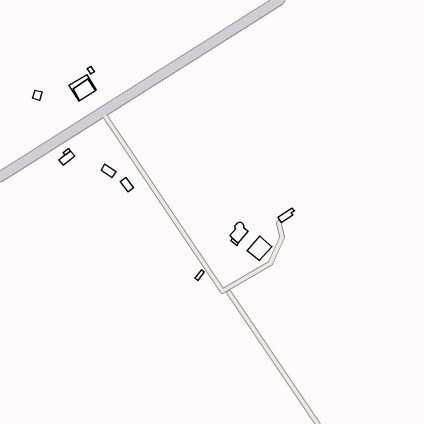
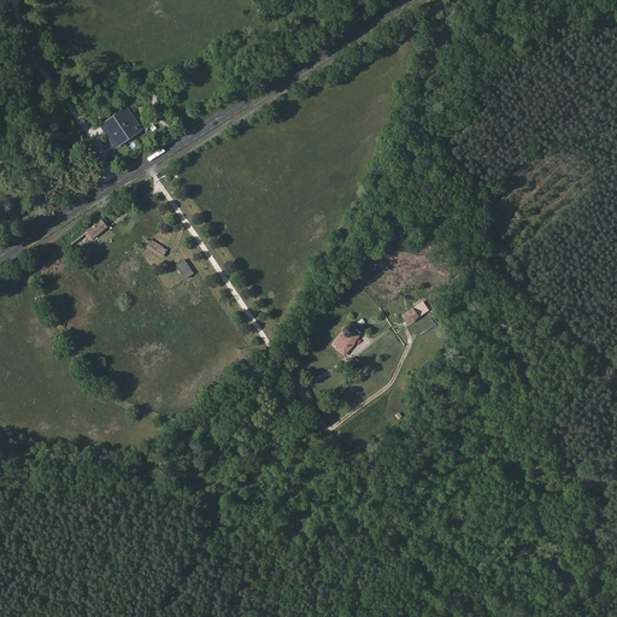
building: [247,236,272,261] -> none

